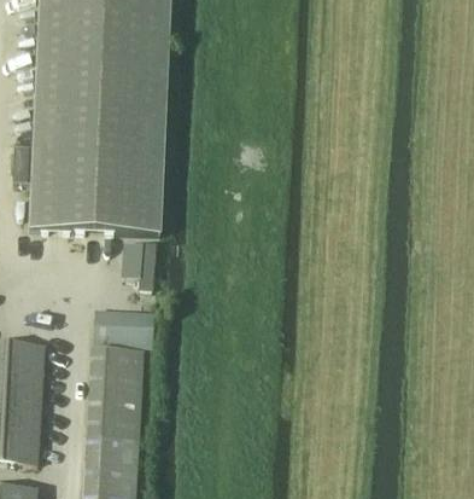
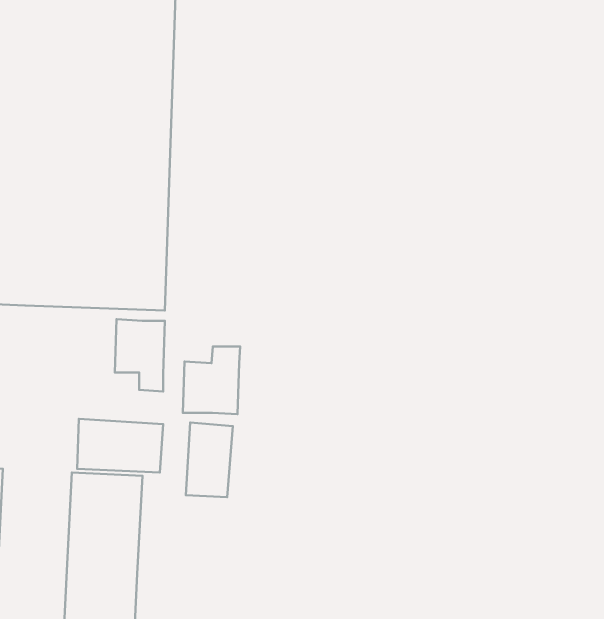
building: none -> [183,347,240,414]
building: none -> [186,422,233,497]

